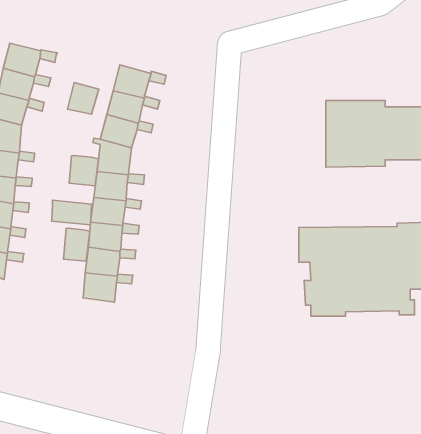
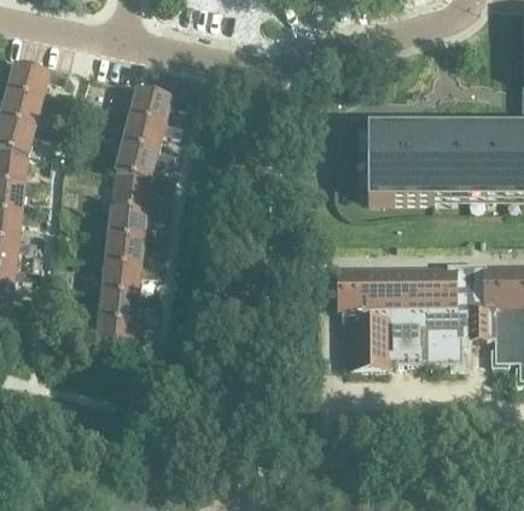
building: [67,82,99,114] -> none
building: [69,156,99,186] -> none
building: [51,200,92,225] -> none
building: [63,228,90,261] -> none

